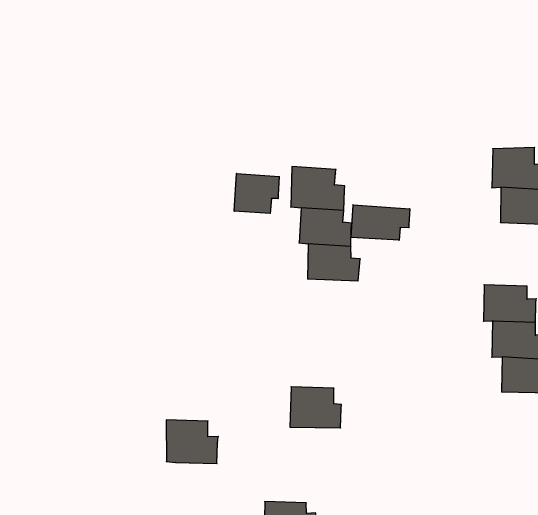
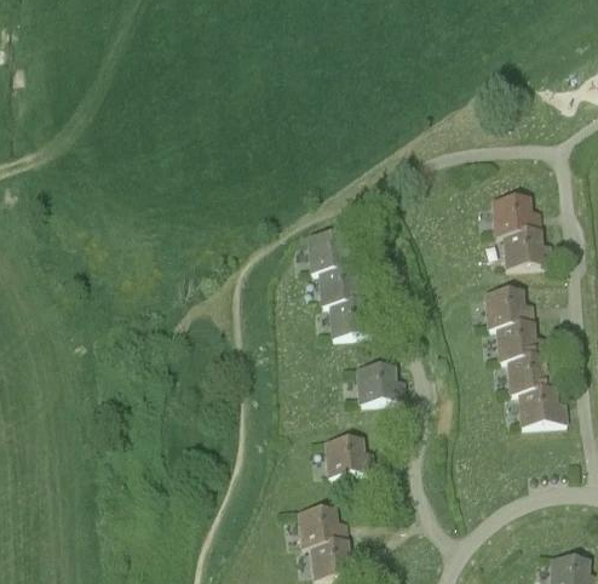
building: [234,173,279,213] -> none
building: [351,205,410,240] -> none
building: none -> [482,287,533,327]
building: none -> [353,363,403,402]
building: [166,420,218,464] -> [295,505,346,546]

